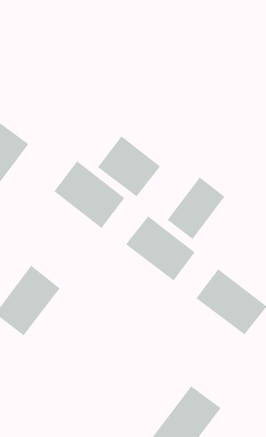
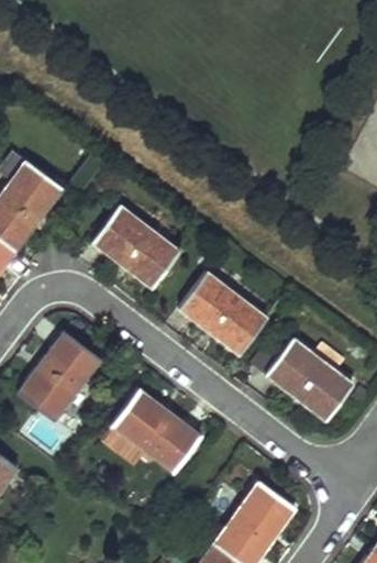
building: [97,135,161,197] -> none
building: [167,177,225,240] -> none
building: none -> [113,391,201,473]

